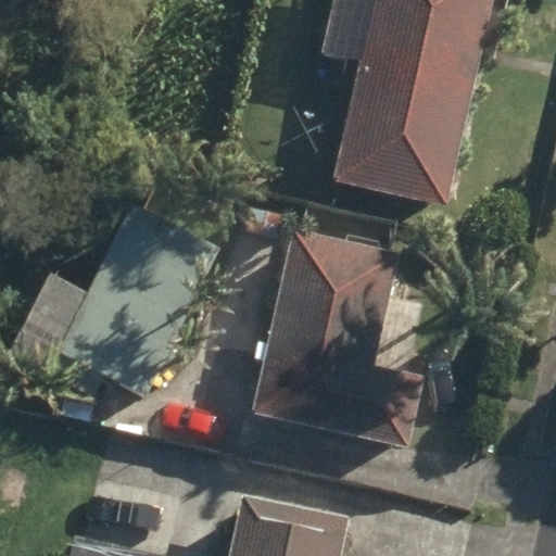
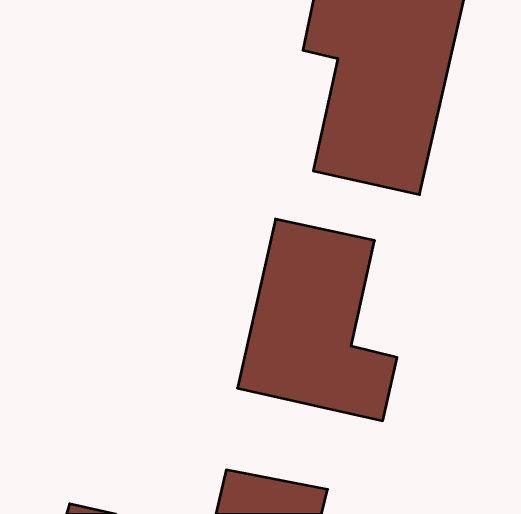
building: [56,211,217,399] -> none

